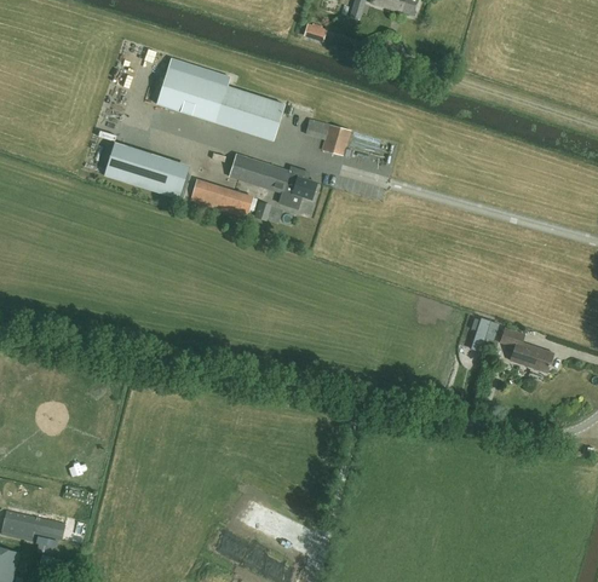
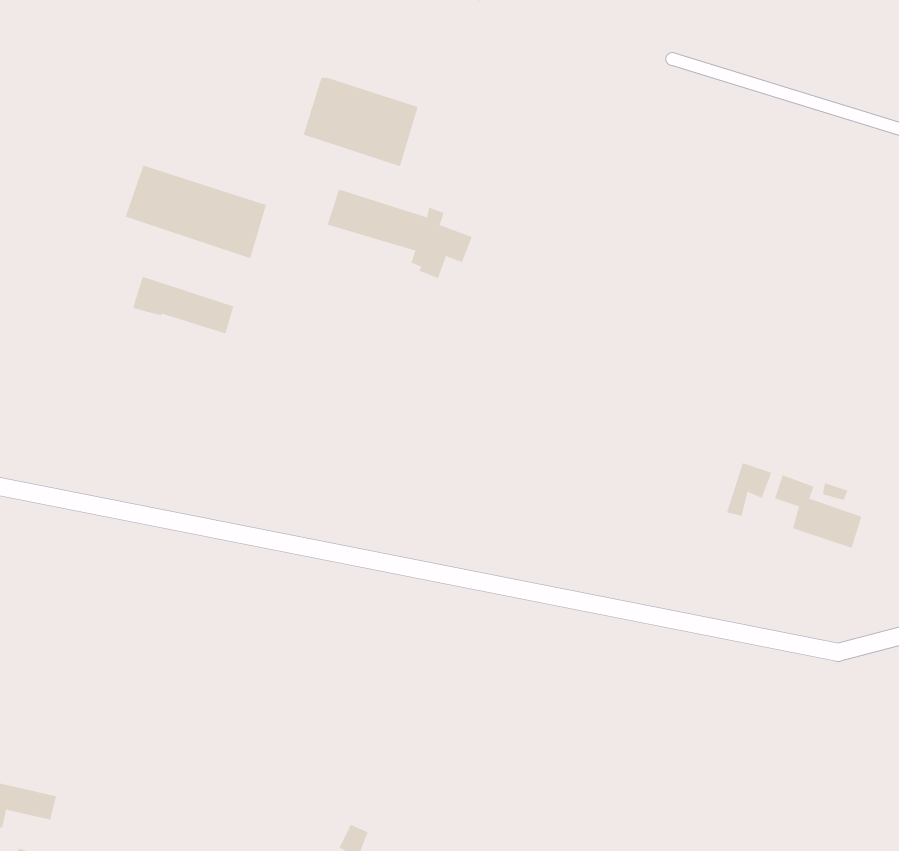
building: [156,57,231,121] -> none
building: [321,123,350,155] -> none
building: [190,178,252,213] -> [132,276,234,334]

